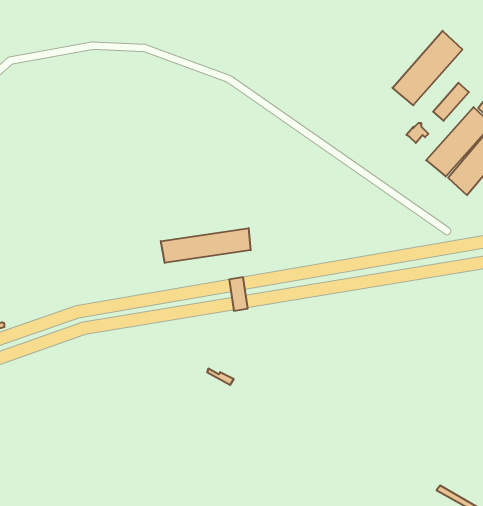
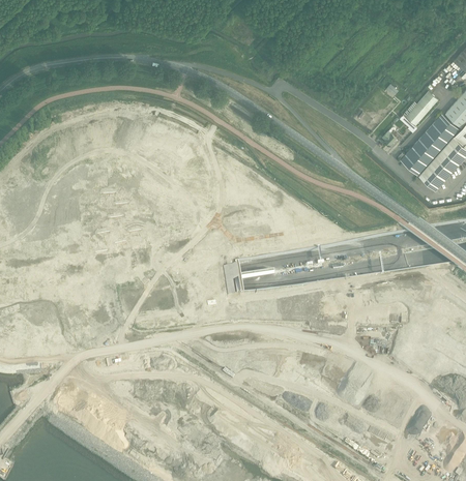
building: [392,31,462,105] -> none
building: [161,228,251,263] -> none

